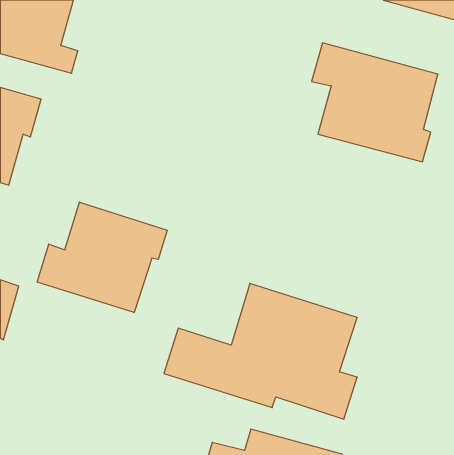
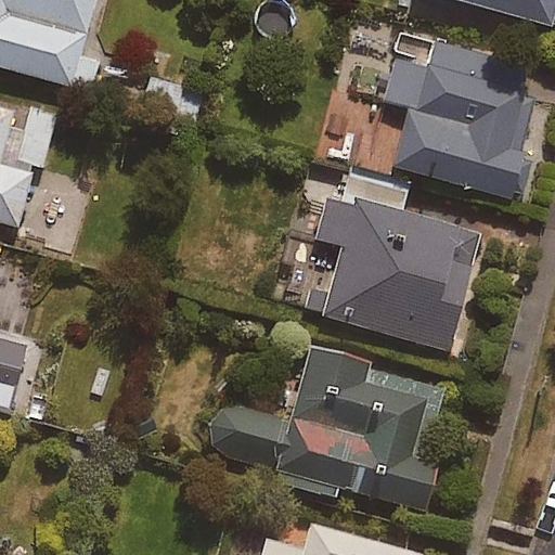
building: none -> [310,171,478,349]
building: [37,202,167,313] -> none

